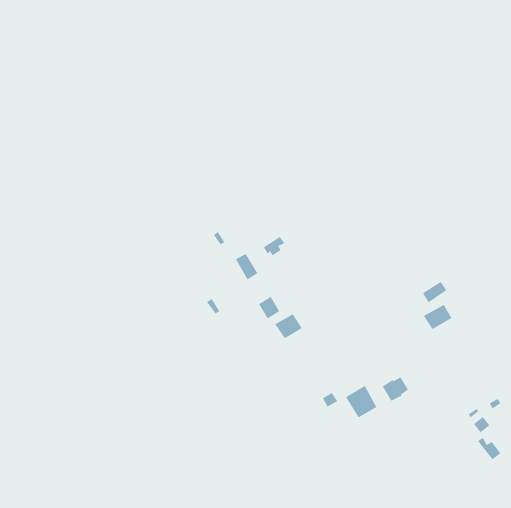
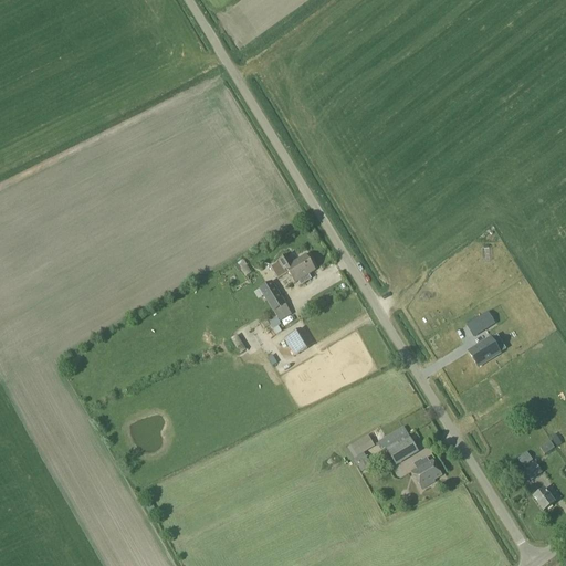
building: none -> [270,253,310,277]
building: [275,313,302,339] -> none
building: [382,377,409,402] -> [411,459,441,486]

